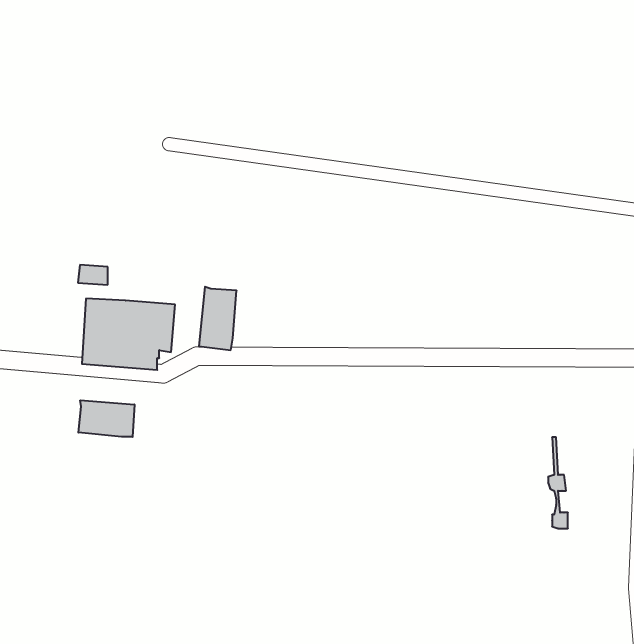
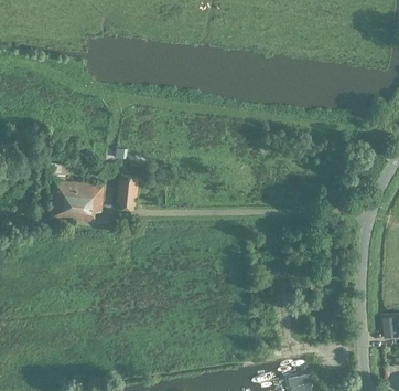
building: [78,400,134,437] -> none

